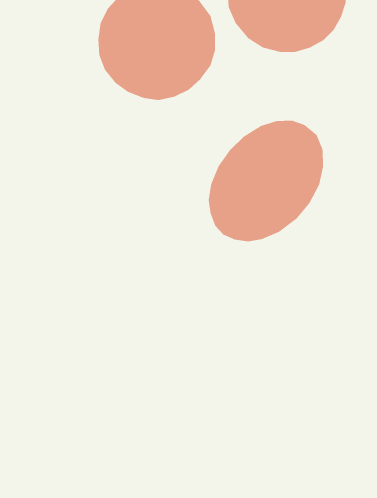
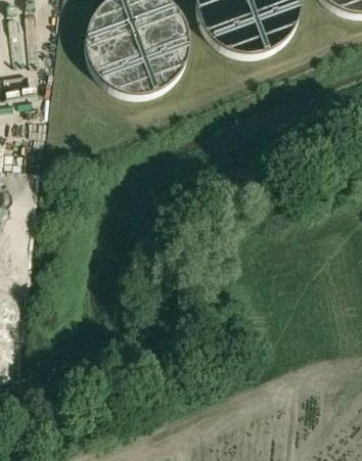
building: [208,120,324,242] -> none

